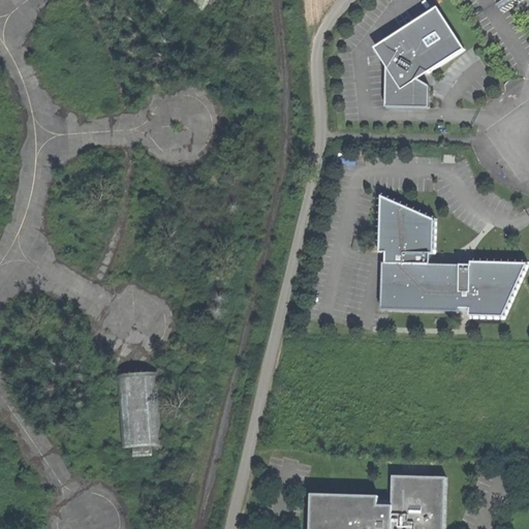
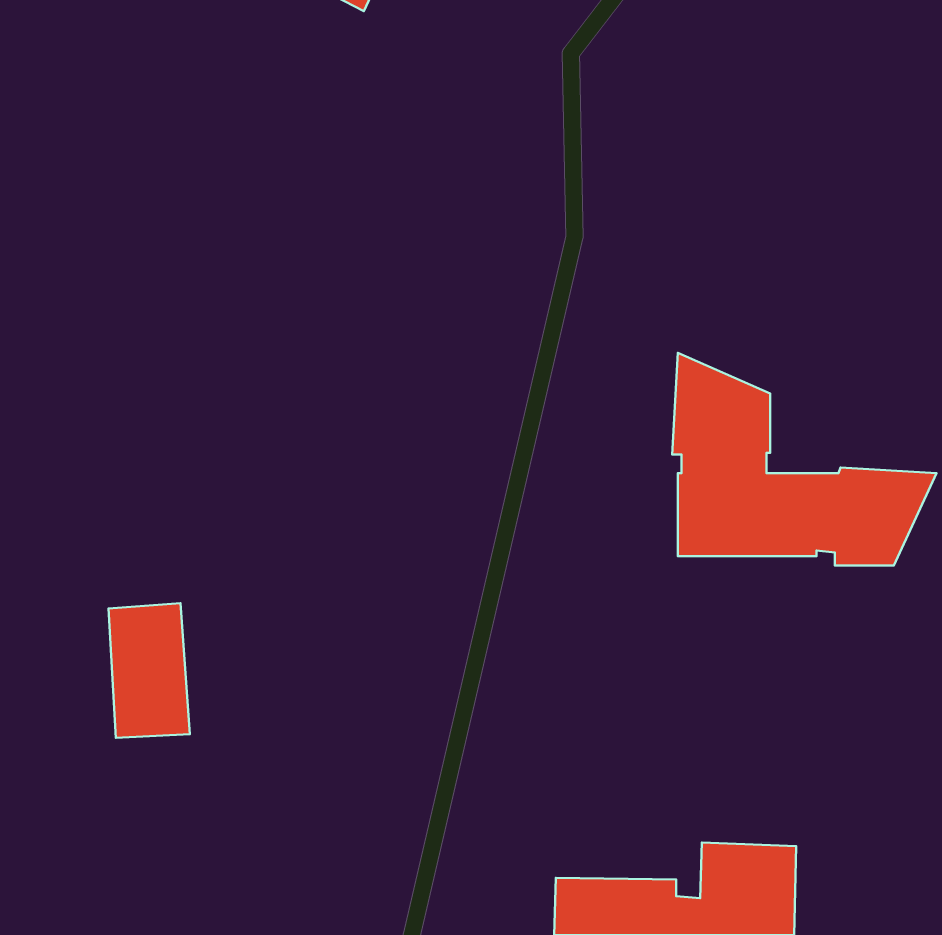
building: [381,5,463,106] -> none
building: [118,368,163,443] -> [109,603,190,738]

